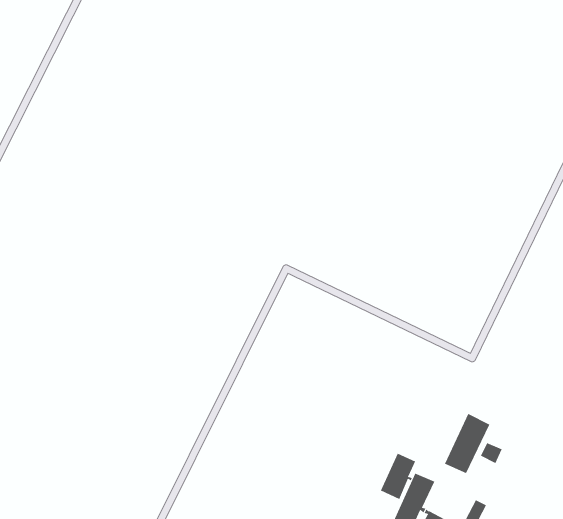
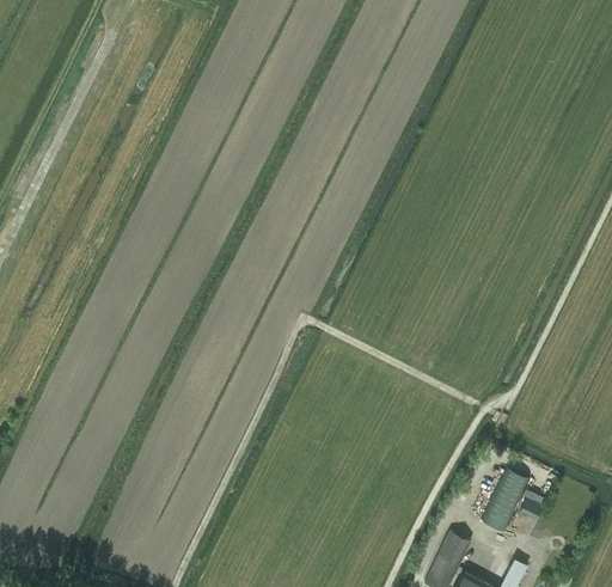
building: [380,453,416,500] -> none

